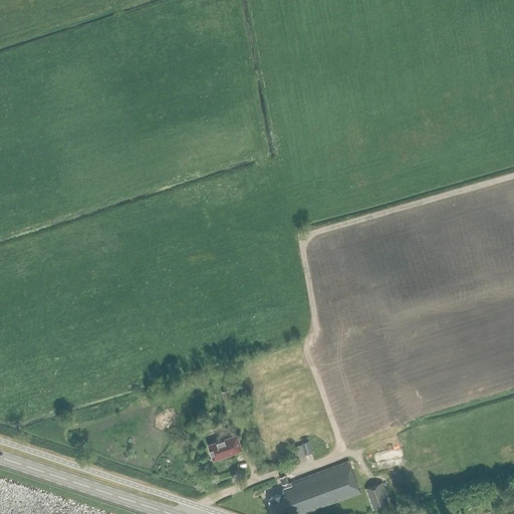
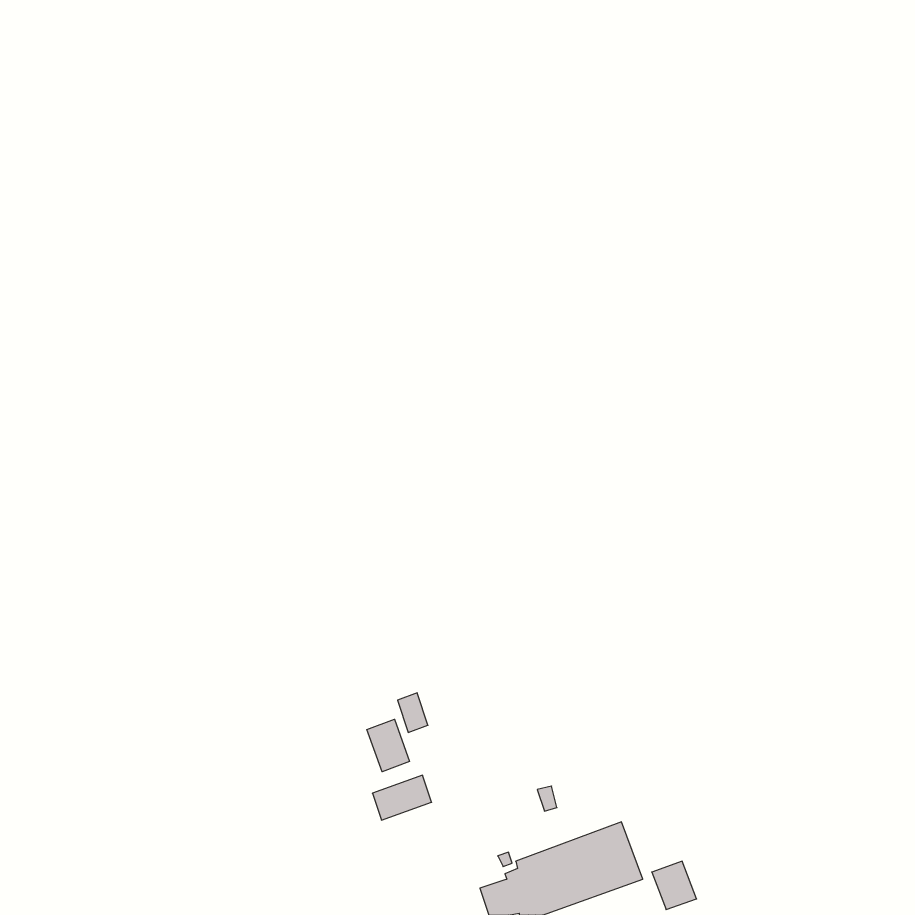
building: none -> [367,719,410,772]

